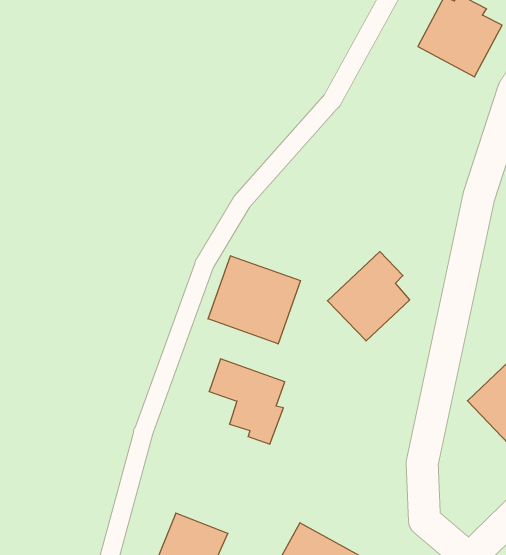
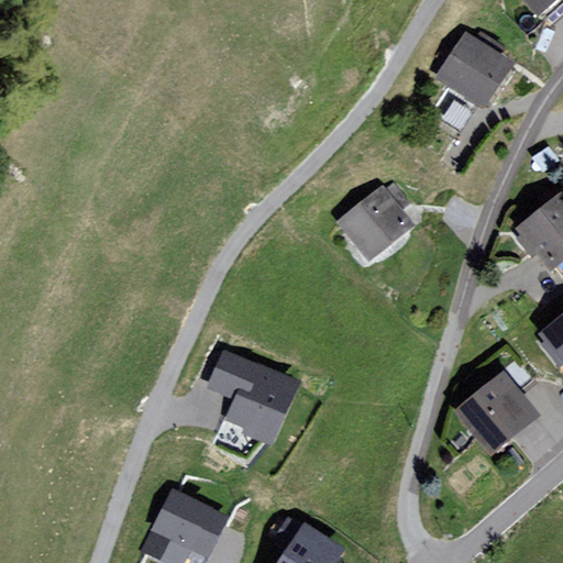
building: [327,252,410,341] -> [338,178,415,261]
building: [208,256,301,344] -> none

